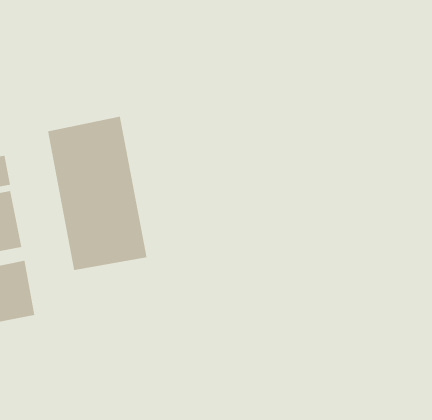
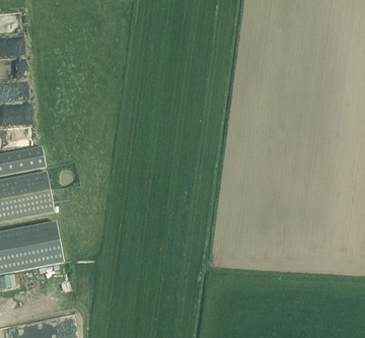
building: [48,116,147,271] -> none

